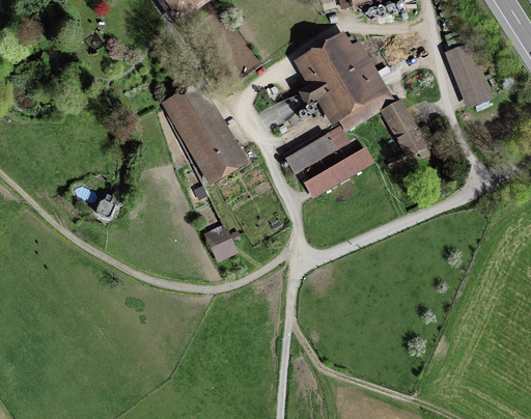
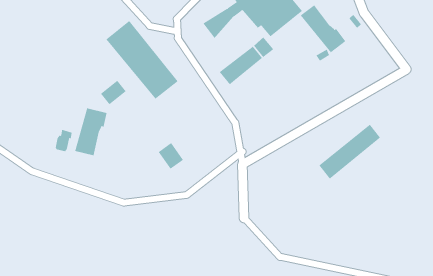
building: [303,144,374,197] -> [319,124,381,179]
building: none -> [100,80,126,105]
building: none -> [75,107,107,156]

